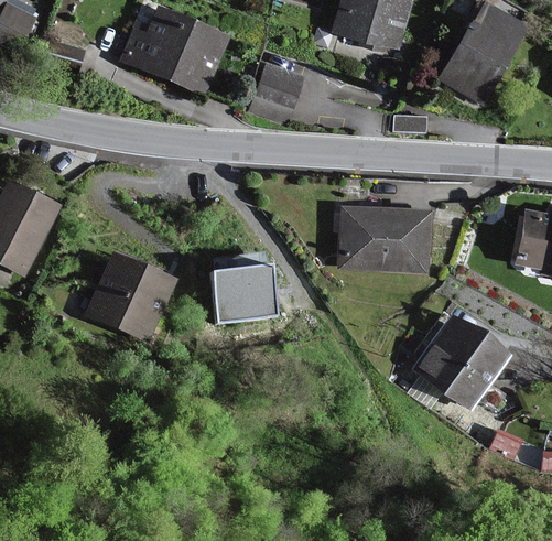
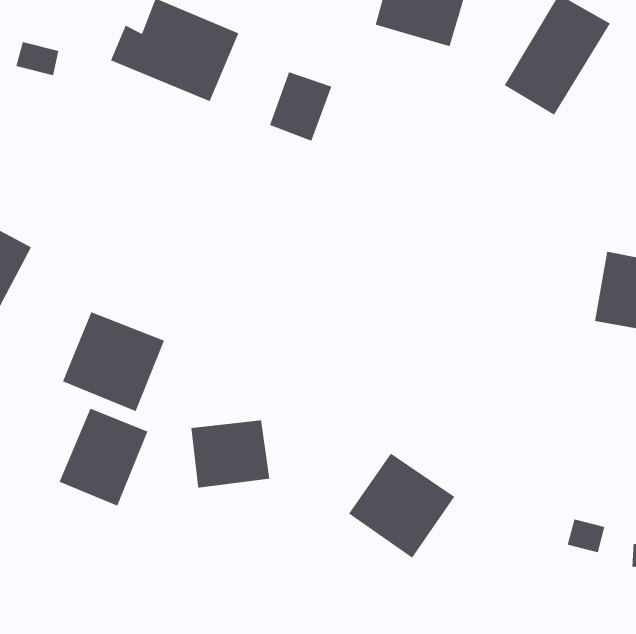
building: [335,205,431,275] -> none
building: [215,263,279,318] -> [191,420,270,488]
building: [415,320,501,404] -> [348,453,455,559]
building: none -> [59,408,148,506]

